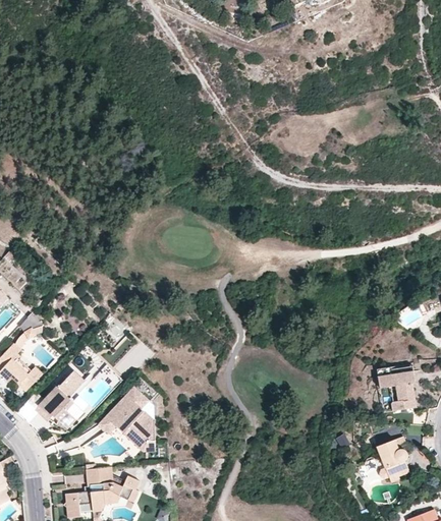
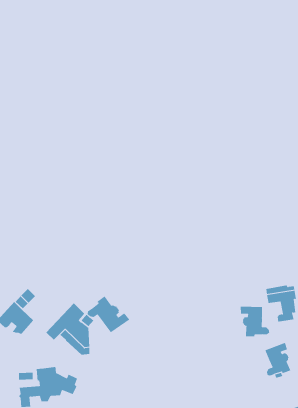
building: none -> [87,296,130,333]
building: none -> [240,306,270,337]

